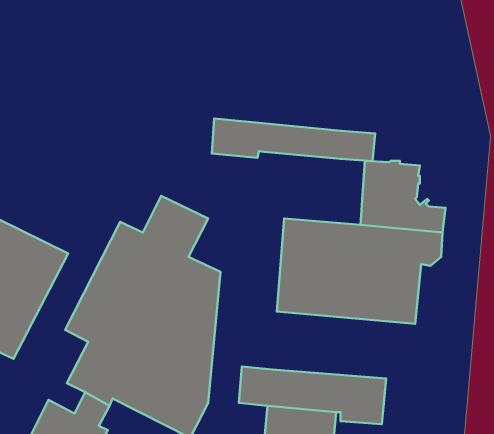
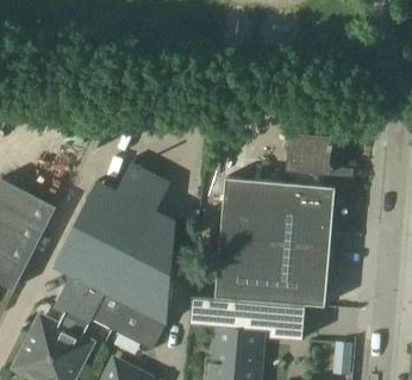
building: [212,119,375,161] -> none
building: none -> [216,250,327,304]

